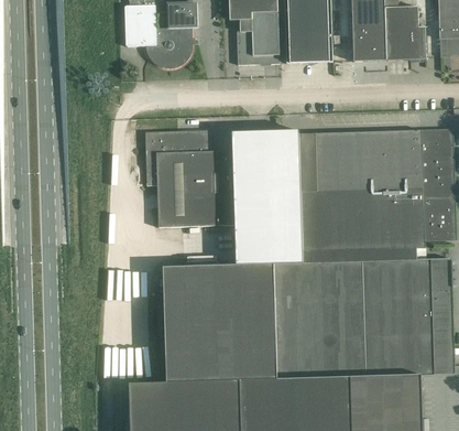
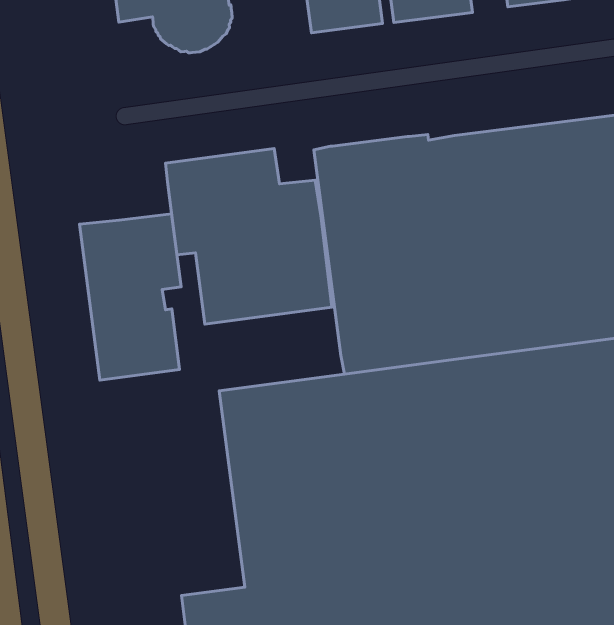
building: none -> [79,214,181,380]

